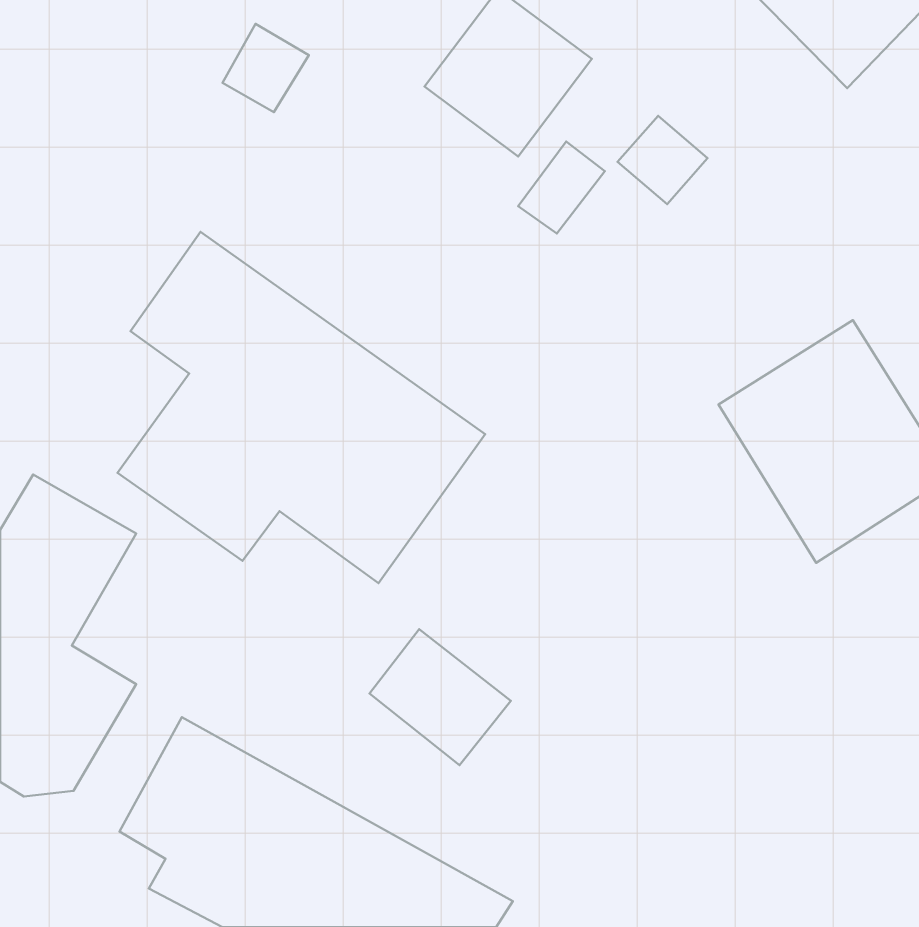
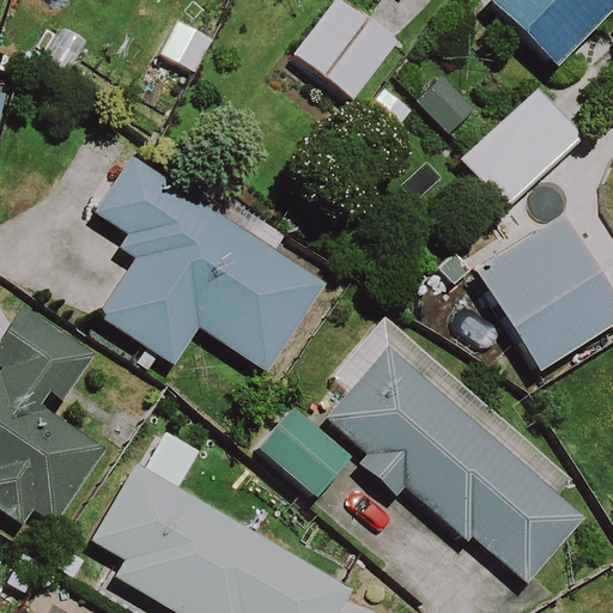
building: none -> [456,87,579,208]
building: none -> [322,347,579,590]

